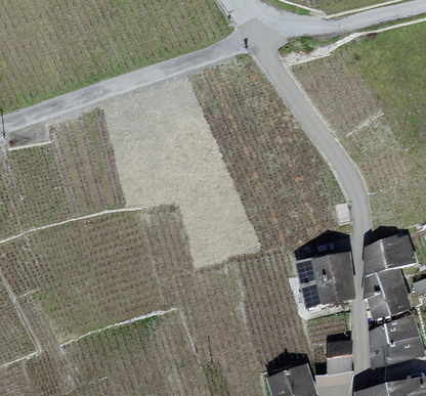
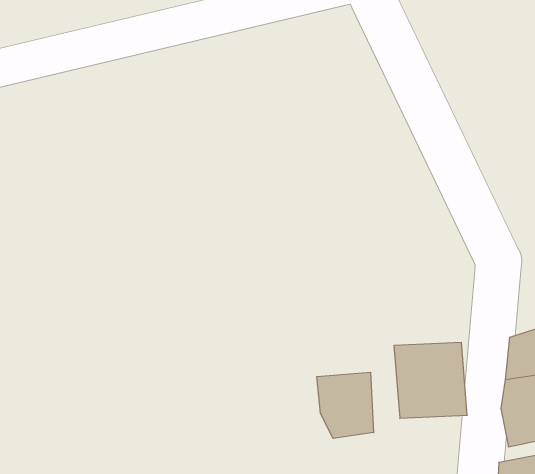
building: none -> [317,372,374,438]

